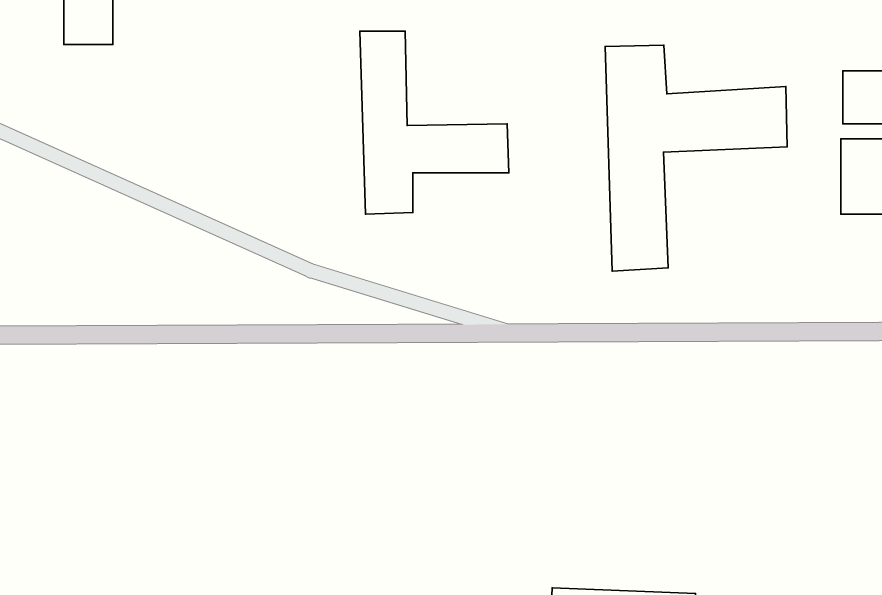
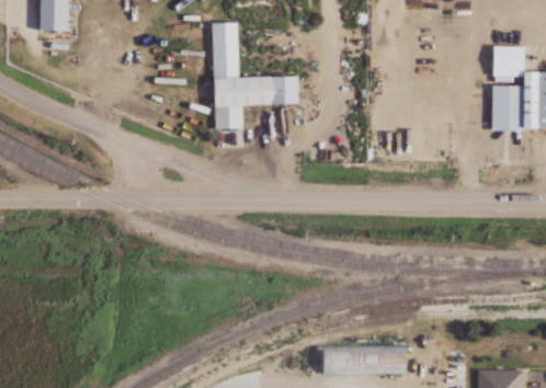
building: [605,45,787,271] -> none

